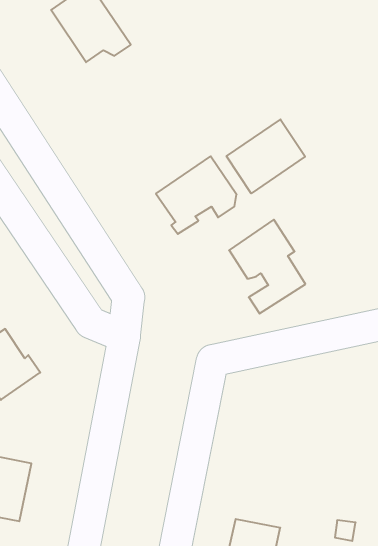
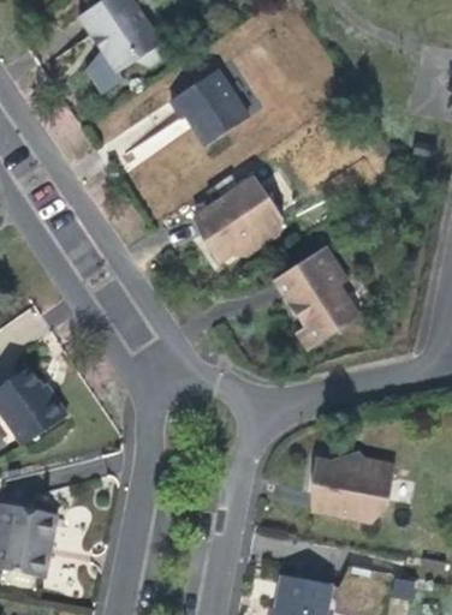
building: none -> [170,68,248,144]
building: [227,119,305,193] -> none
building: none -> [311,458,394,521]

